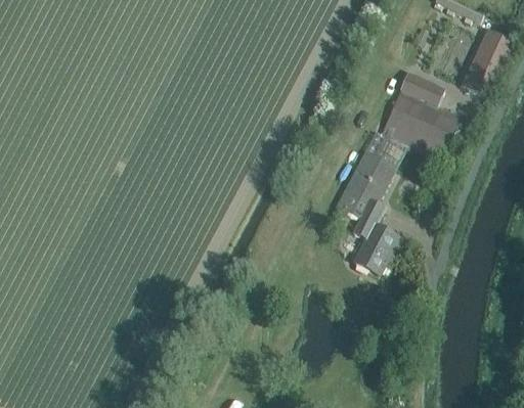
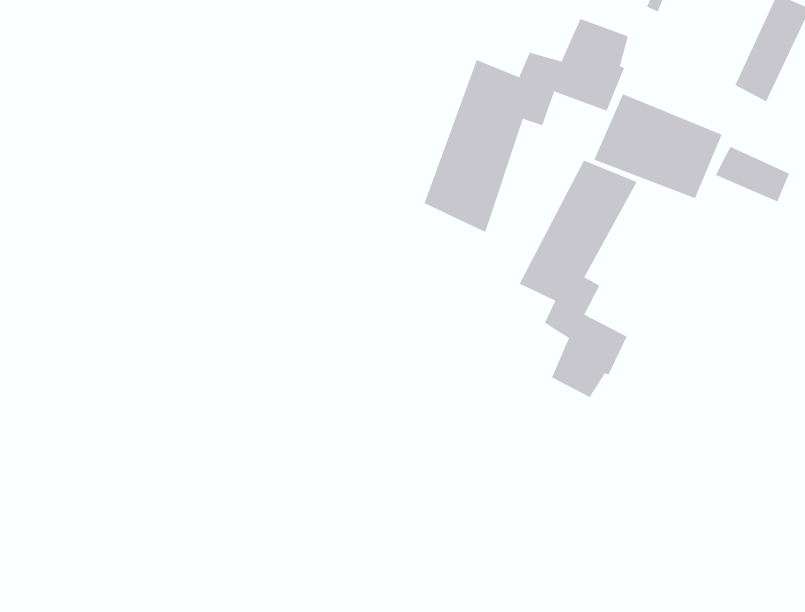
building: none -> [424,18,628,233]
building: [399,72,444,105] -> [715,146,790,202]

